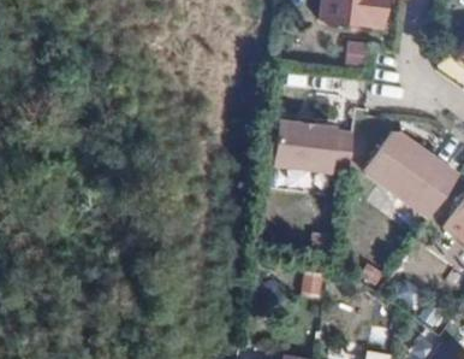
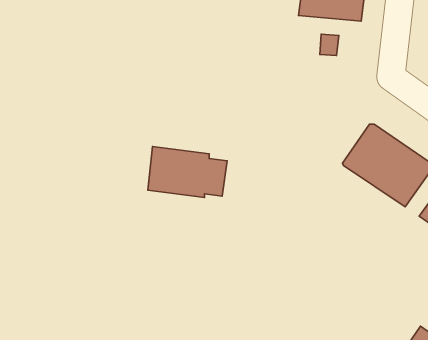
building: [273,119,353,171] -> [148,147,227,197]

